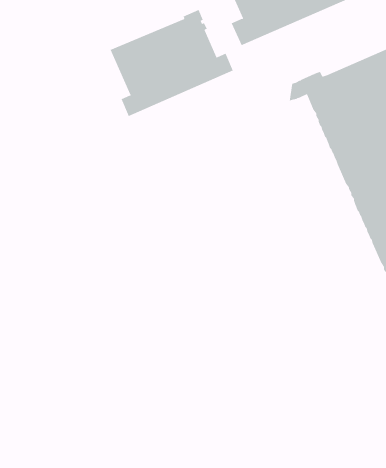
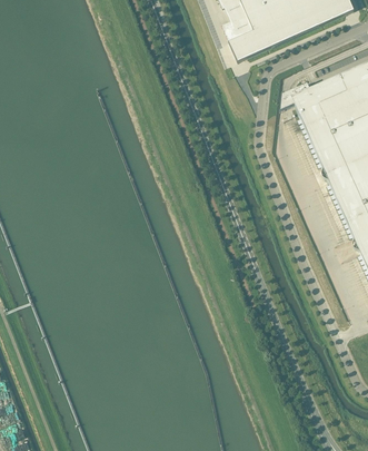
building: [110,9,234,117] -> none

